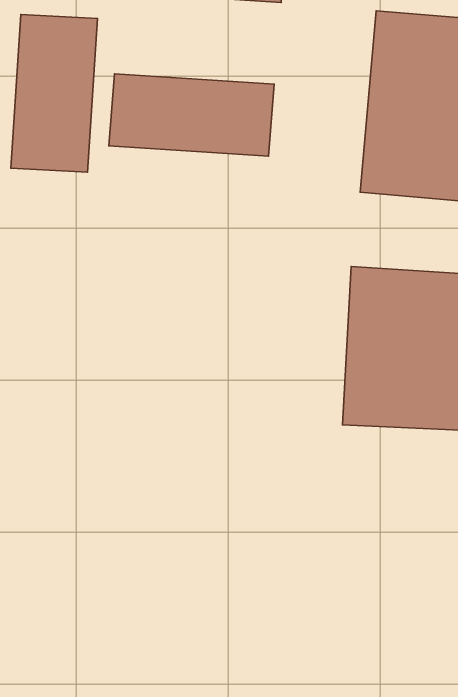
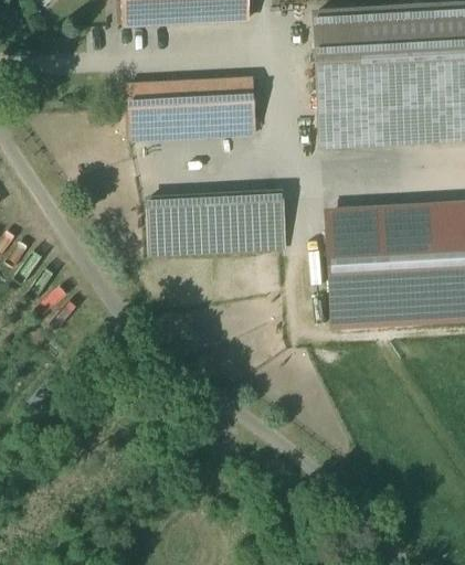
building: [11,15,98,172] -> none
building: none -> [146,193,285,255]

